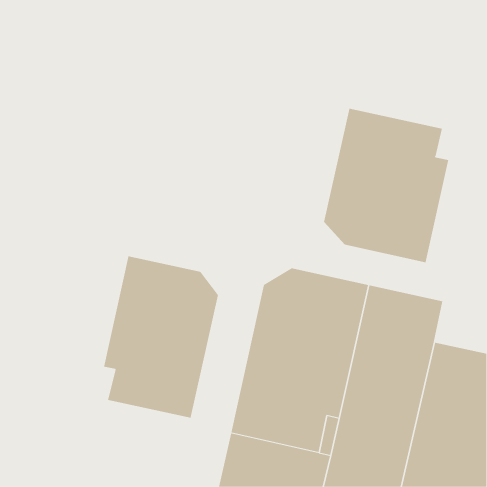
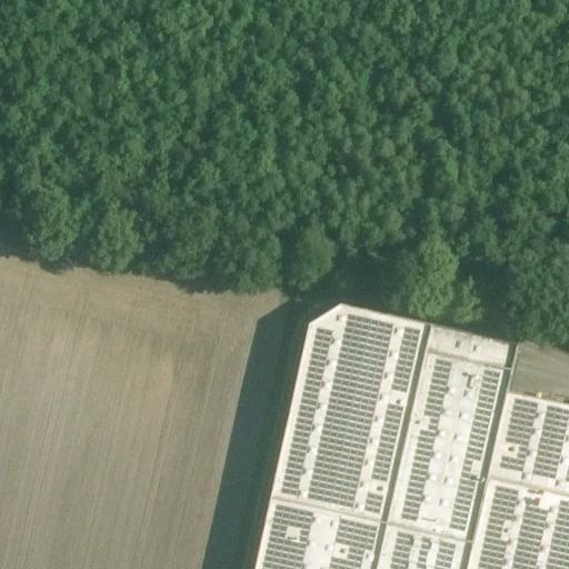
building: [324,108,449,263] -> none
building: [103,255,218,419] -> none

